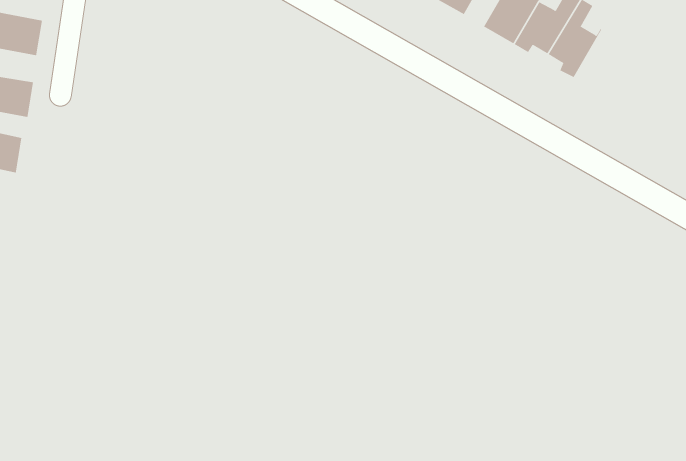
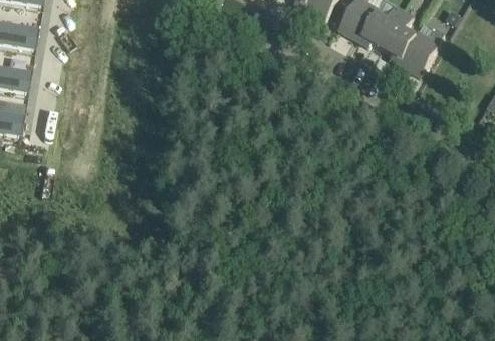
building: none -> [400,27,444,76]

